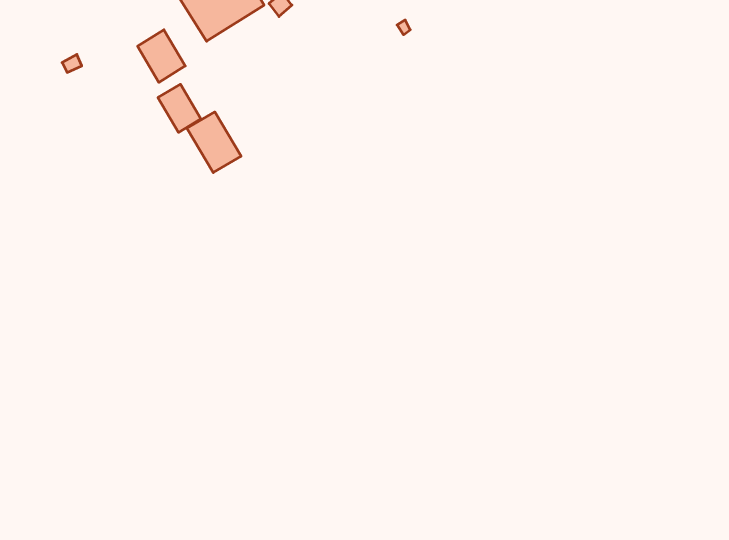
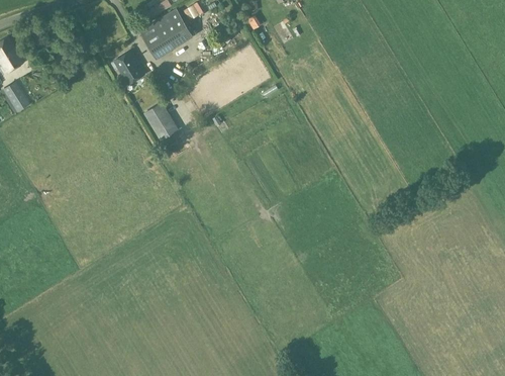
building: [158,84,201,132] -> none

